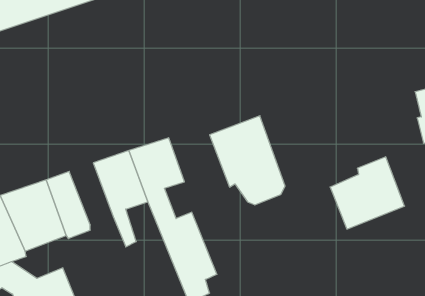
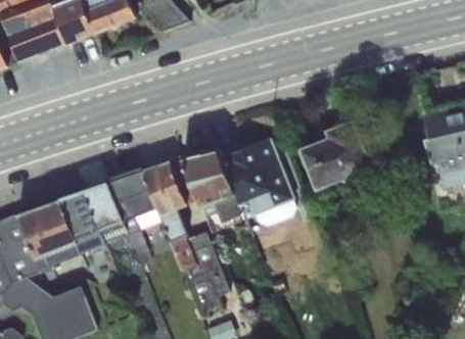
building: none -> [183,151,243,233]
building: [330,157,405,229] -> [300,120,373,191]
building: none -> [86,185,129,245]

